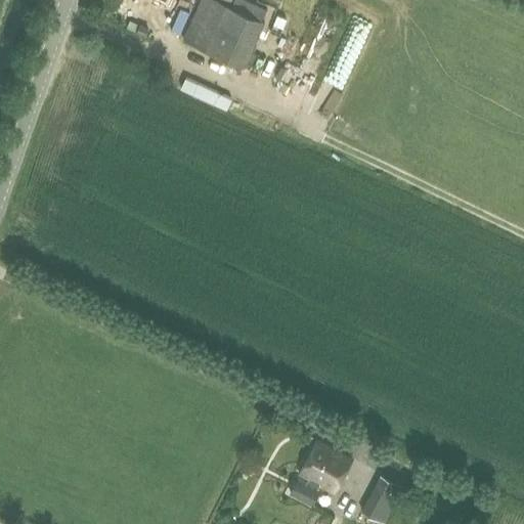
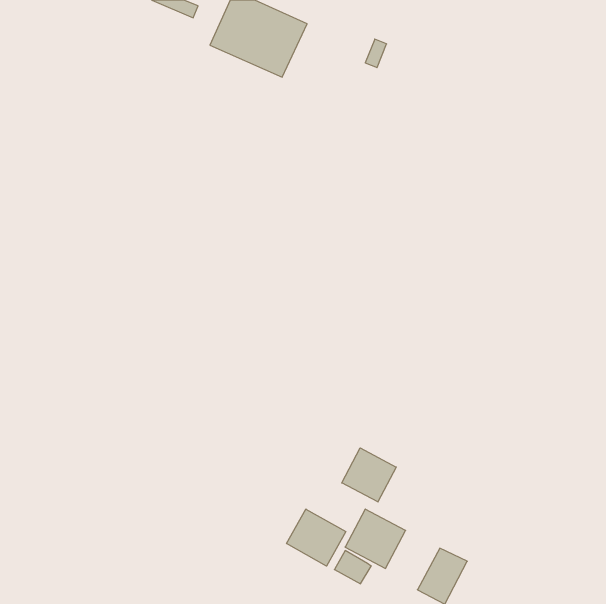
building: none -> [342,448,396,502]
building: none -> [287,509,346,566]

